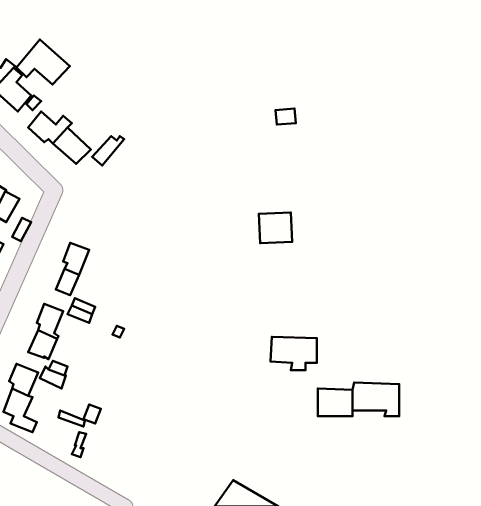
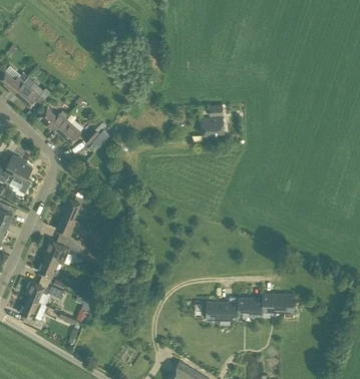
building: [16,39,70,84] -> none
building: [259,213,292,243] -> [202,117,225,138]
building: [270,337,317,370] -> [206,301,238,324]

